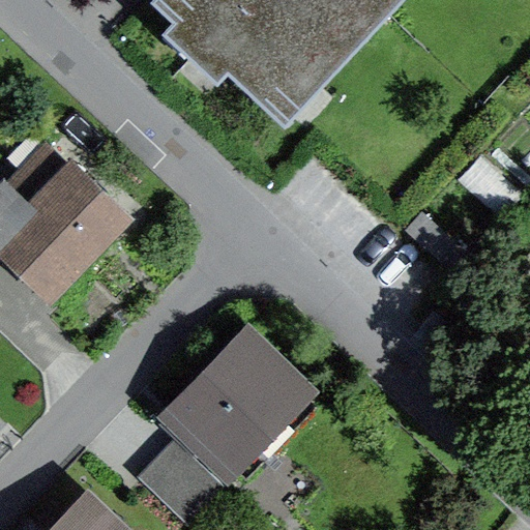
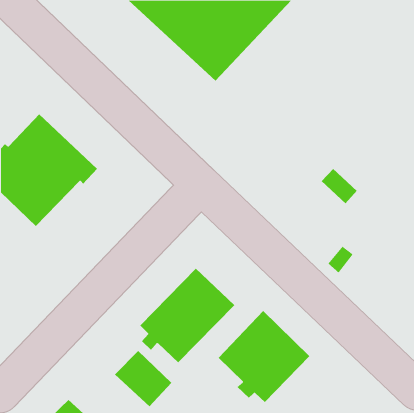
building: none -> [218,310,310,403]

